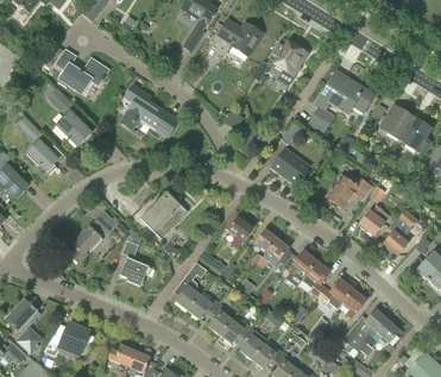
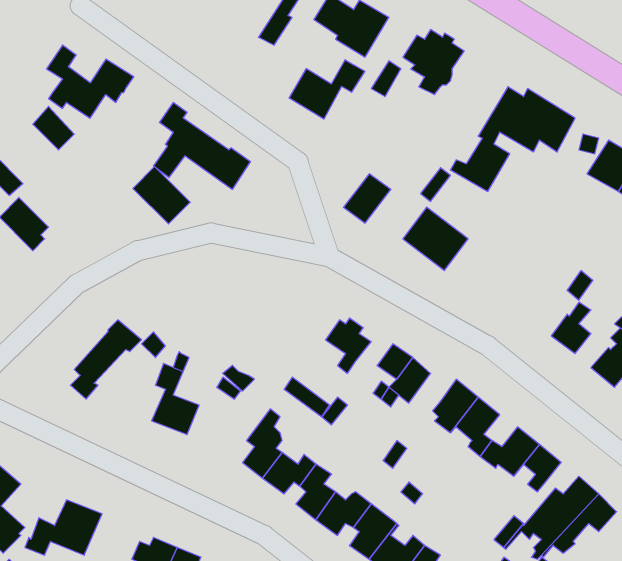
building: none -> [289,60,365,119]
building: [57,111,92,145] -> [133,167,190,224]
building: [325,175,371,208] -> none
building: [140,190,187,238] -> none

